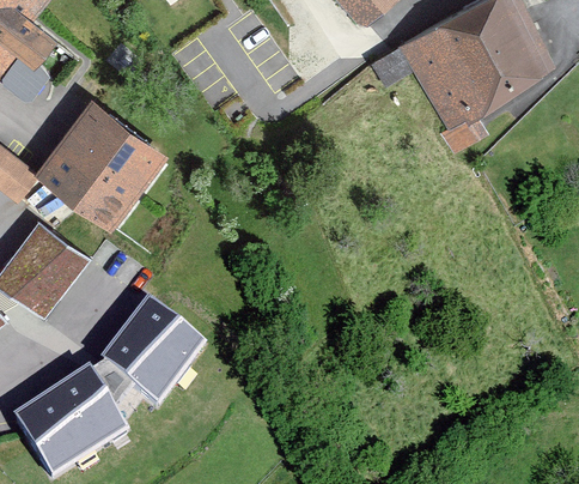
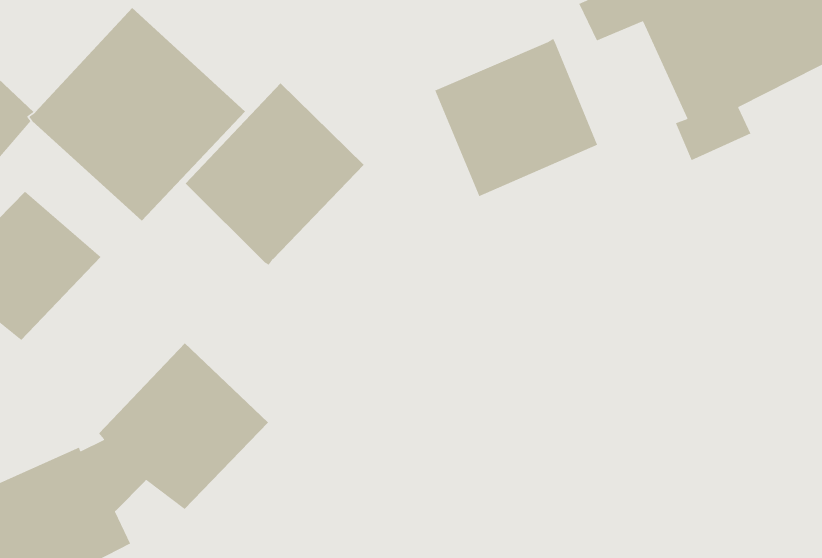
building: none -> [434,38,598,197]
building: none -> [185,82,364,266]

